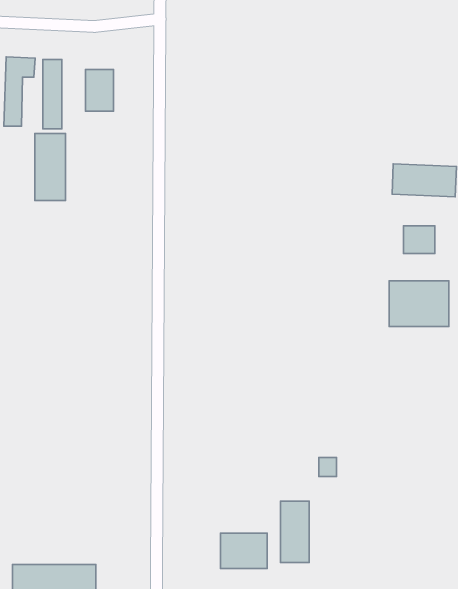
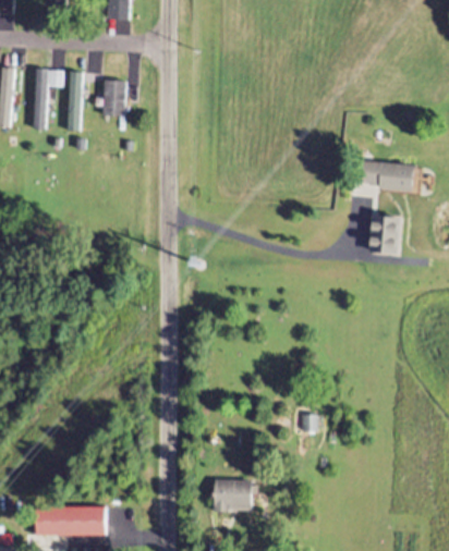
building: [35,134,66,201] -> none
building: [389,281,449,326] -> none
building: [281,501,309,563] -> none

